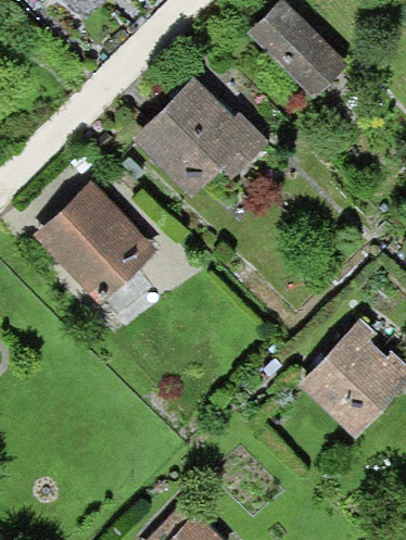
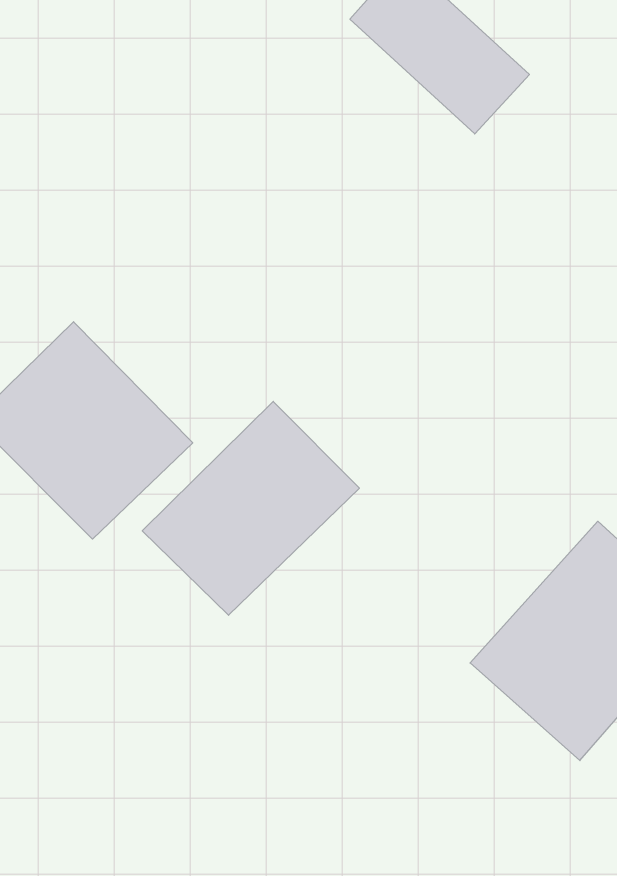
building: [131,79,271,201] -> none
building: none -> [142,401,359,615]

